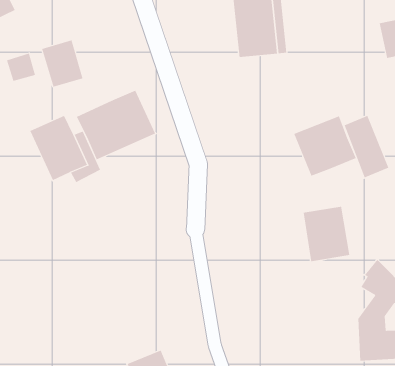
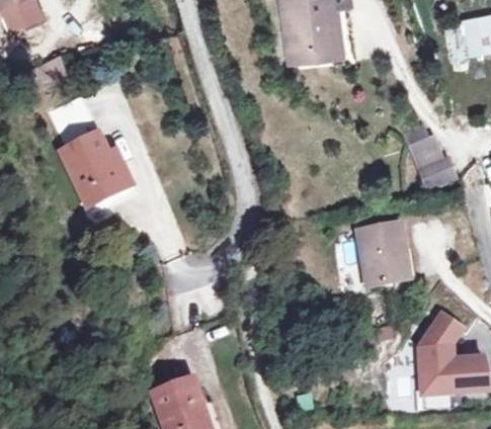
building: [41,39,83,87] -> none
building: [76,90,156,160] -> none
building: [294,116,357,176] -> none

